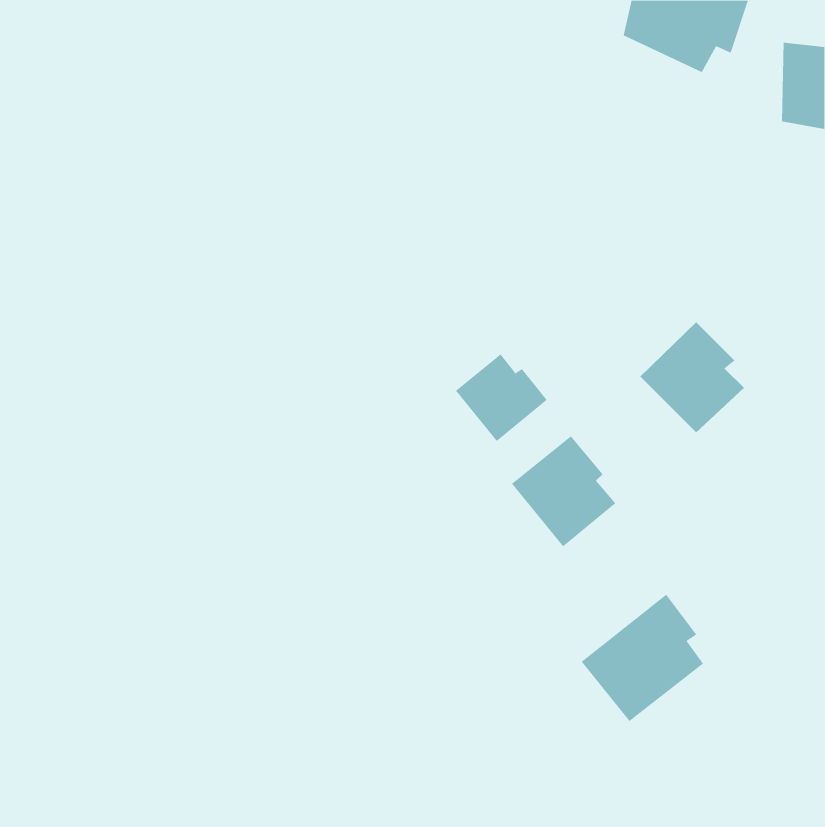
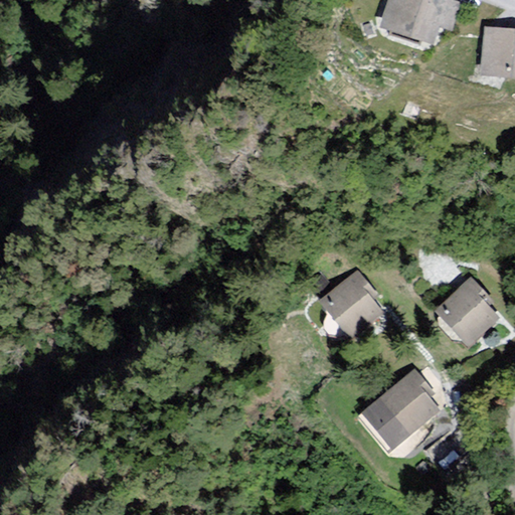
building: [640,322,745,433] -> [434,278,499,347]
building: [455,353,547,442] -> none

